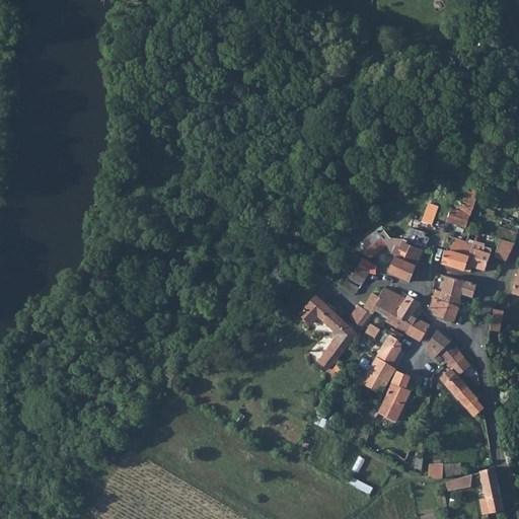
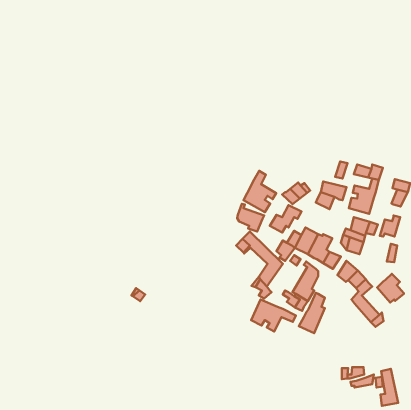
building: none -> [243,171,276,212]
building: [464,246,490,273] -> [380,216,400,237]
building: [386,257,415,283] -> none
building: none -> [237,204,264,231]
building: none -> [377,274,404,303]
building: none -> [251,299,296,331]

